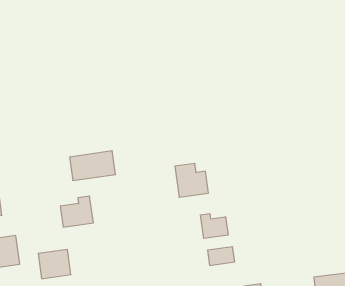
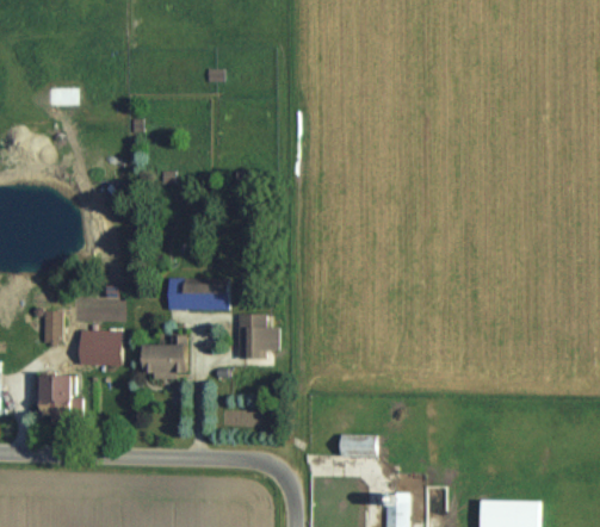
building: [175,163,208,197] -> [237,315,279,359]
building: [200,214,228,238] -> none
building: [38,249,71,279] -> [80,330,122,366]

